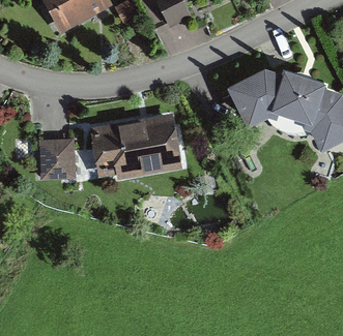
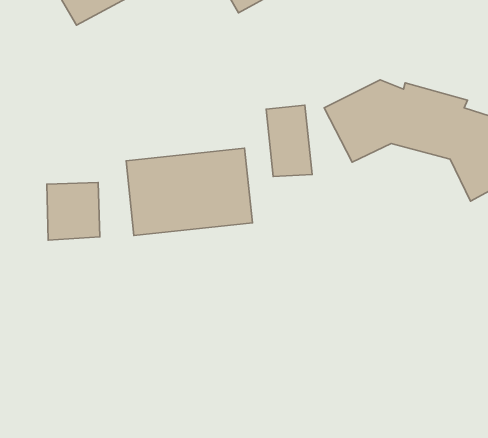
building: none -> [266,105,312,177]

